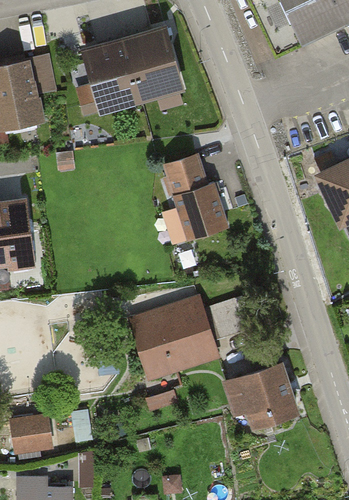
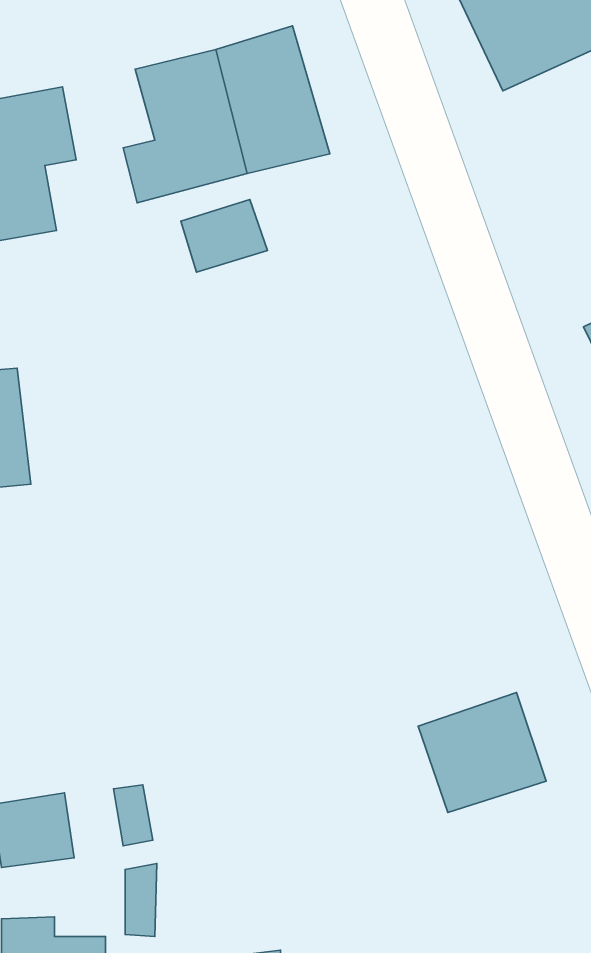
building: [163,156,207,193] -> [181,199,267,272]
building: [173,186,228,243] -> none
building: [133,297,253,374] -> none

